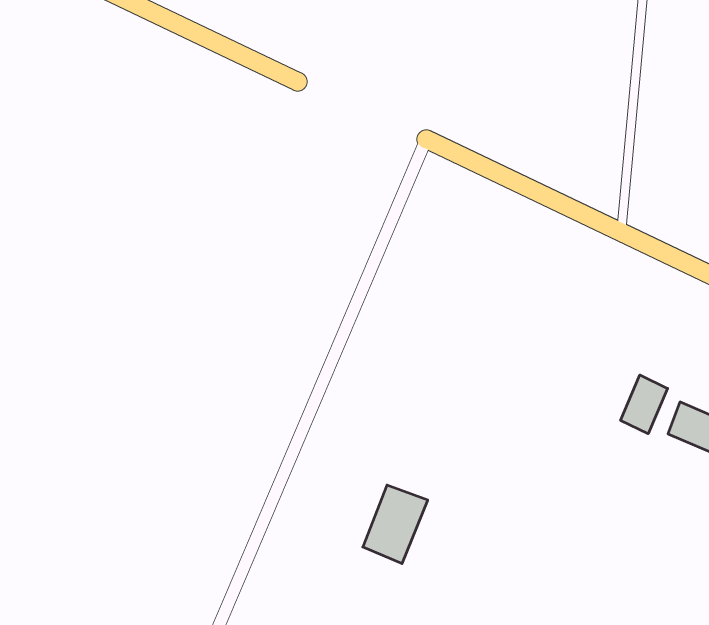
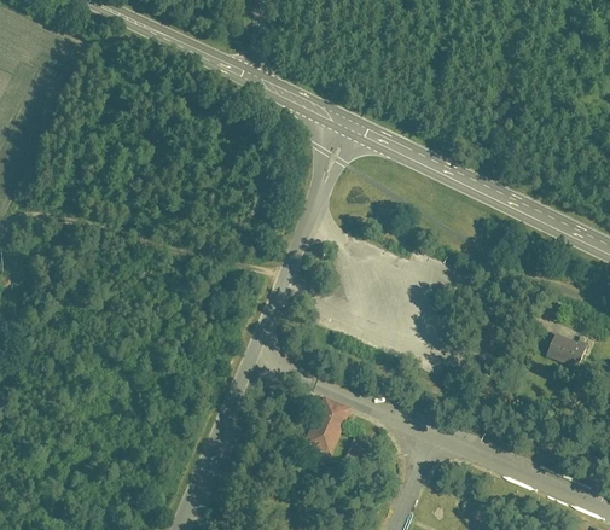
building: [621,375,668,434] -> none

